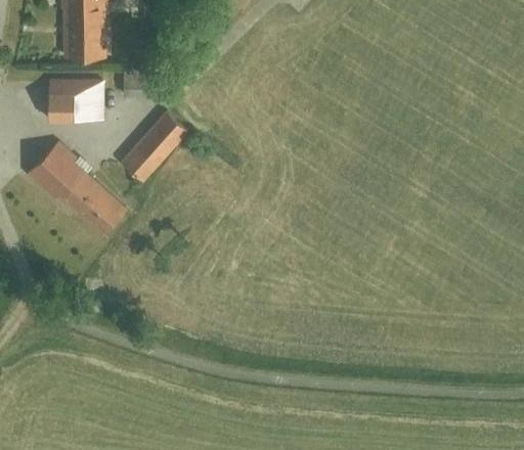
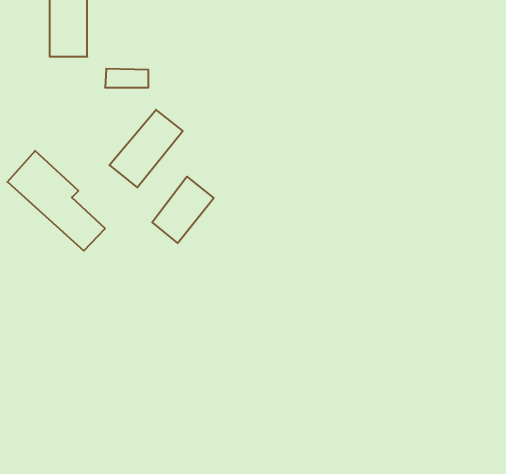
building: [46,81,100,114] -> none
building: none -> [152,177,214,243]

